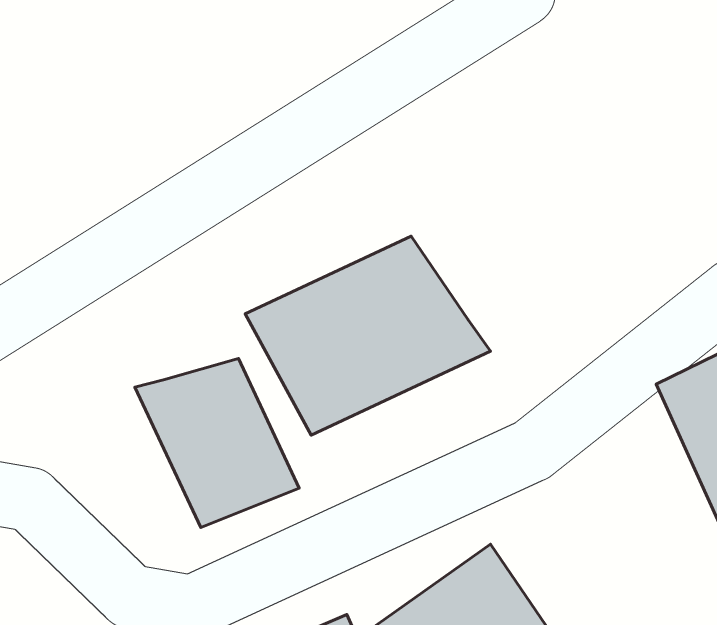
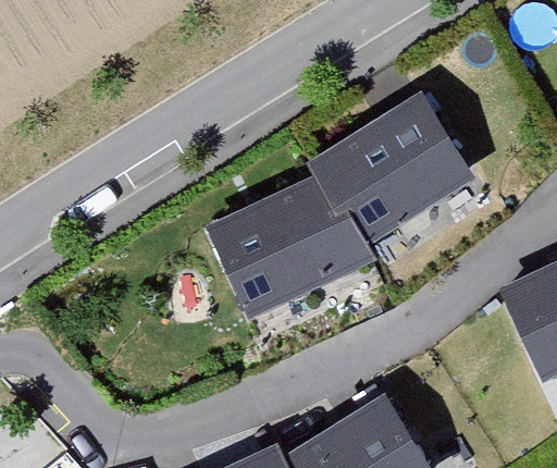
building: none -> [309,87,474,234]
building: [135,358,299,527] -> none

